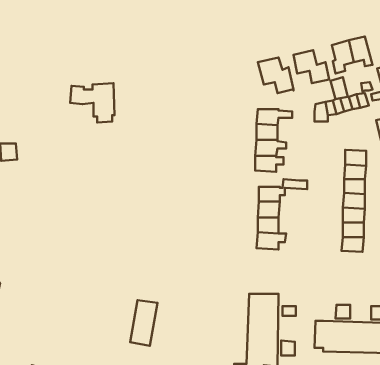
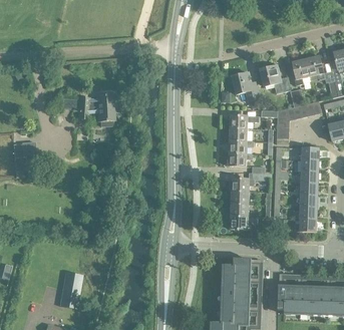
building: [130,300,157,346] -> [59,270,81,307]

